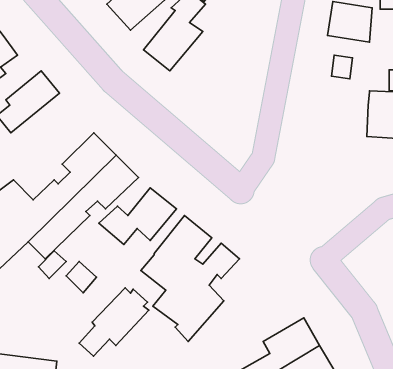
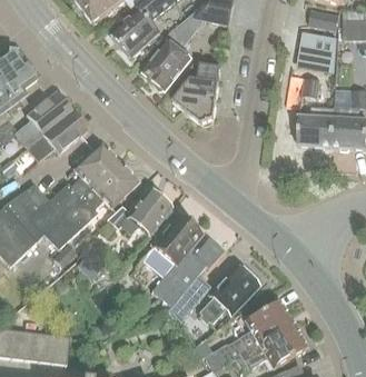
building: none -> [171,66,219,127]
building: none -> [297,108,333,147]
building: none -> [29,110,86,157]
building: [79,288,149,356] -> [197,266,256,324]

